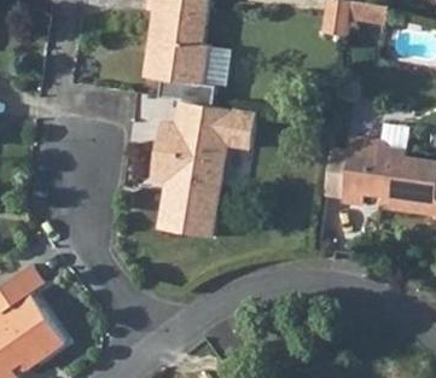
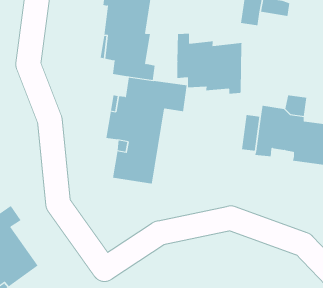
building: none -> [177,33,242,94]

